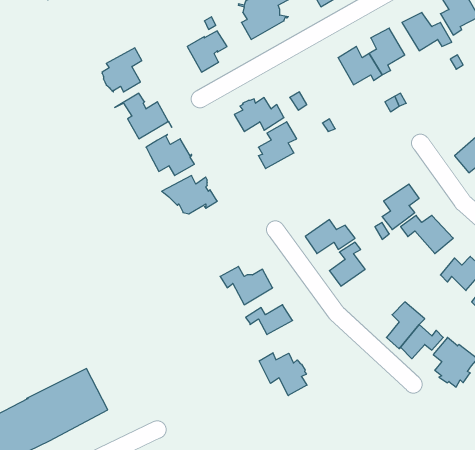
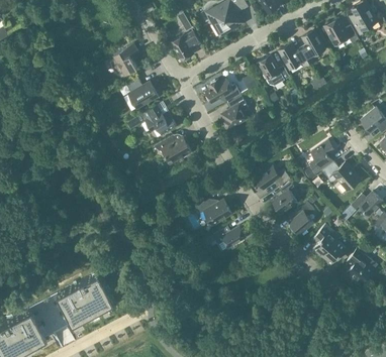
building: none -> [258,54,290,82]
building: none -> [290,200,315,233]
building: [259,353,307,396] -> none

